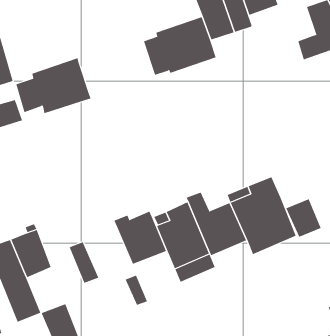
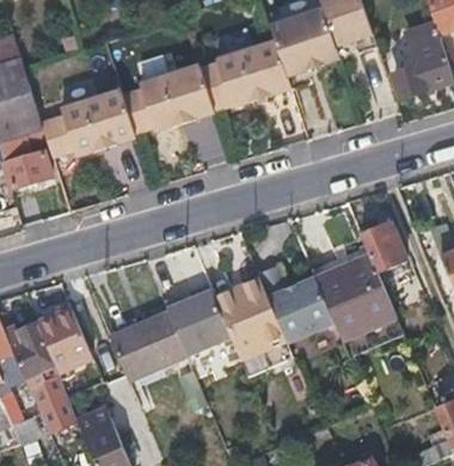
building: none -> [123,68,217,141]
building: [285,198,322,238] -> [360,221,405,270]
building: none -> [128,307,190,370]

